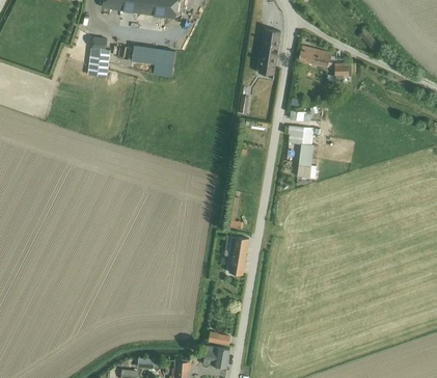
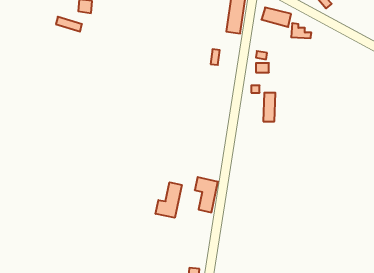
building: [130,45,174,76] -> none
building: none -> [156,182,182,218]

